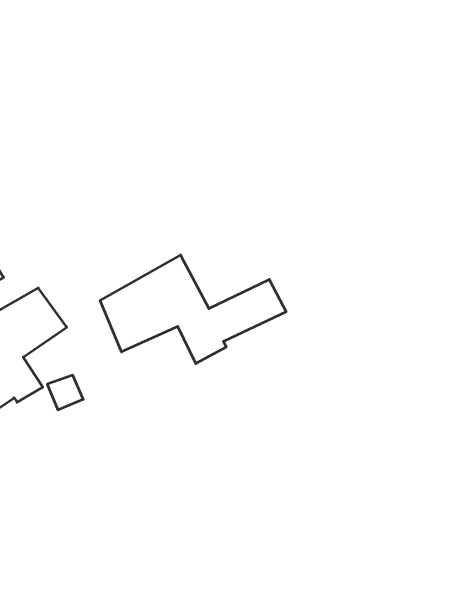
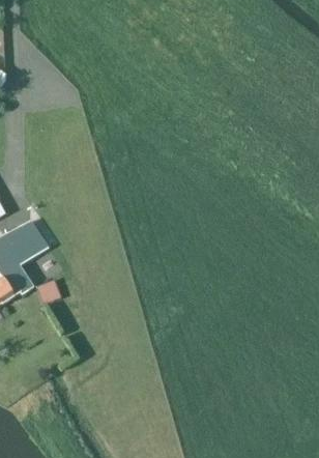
building: [100,255,286,364] -> none

